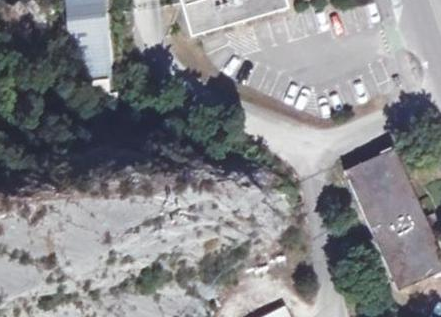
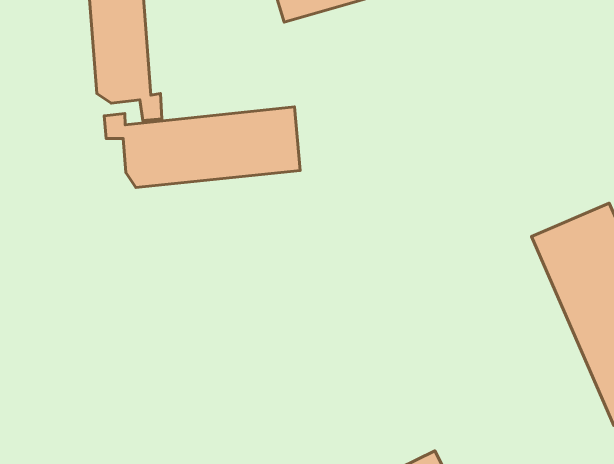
building: none -> [104,107,300,187]

